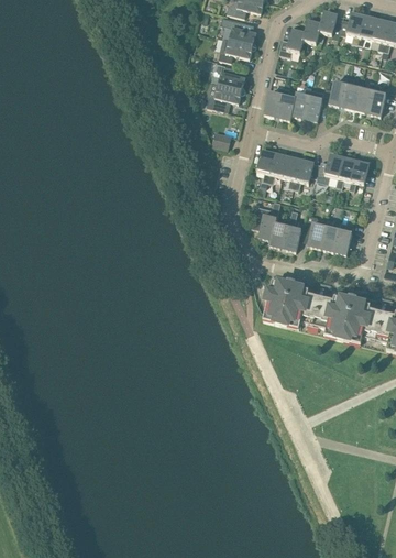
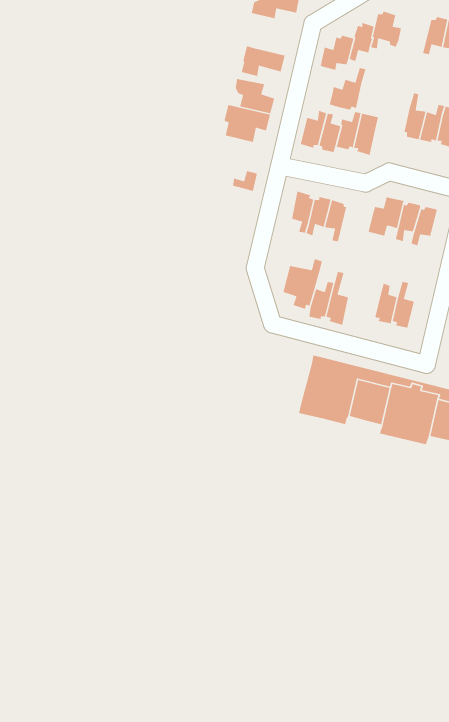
building: [340,12,364,44] -> none
building: [221,17,256,45] -> none
building: [322,73,351,106] -> [329,67,366,111]
building: [294,160,320,190] -> none
building: [301,215,326,249] -> none

